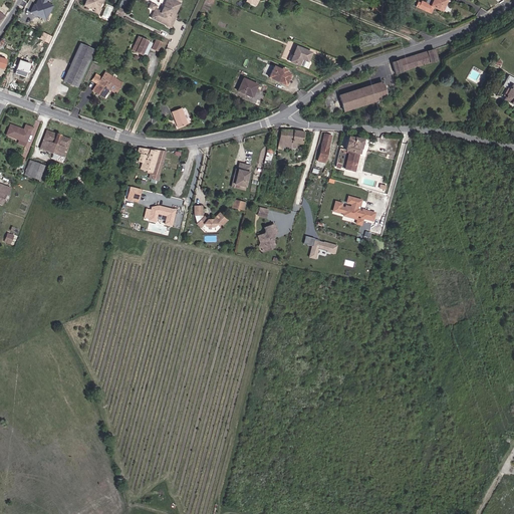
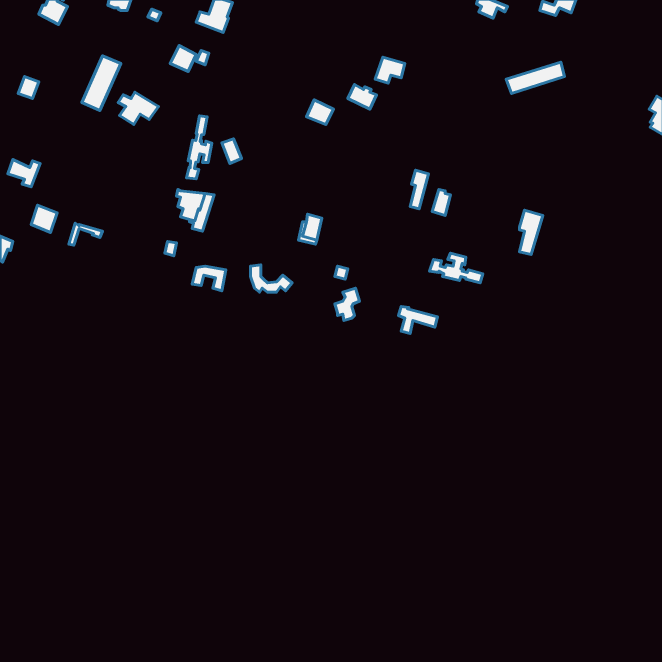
building: [340,81,388,110] -> none
building: none -> [186,116,212,179]
building: [279,130,305,149] -> none
building: [40,131,71,162] -> none
building: [345,135,363,169] -> [519,210,543,254]

